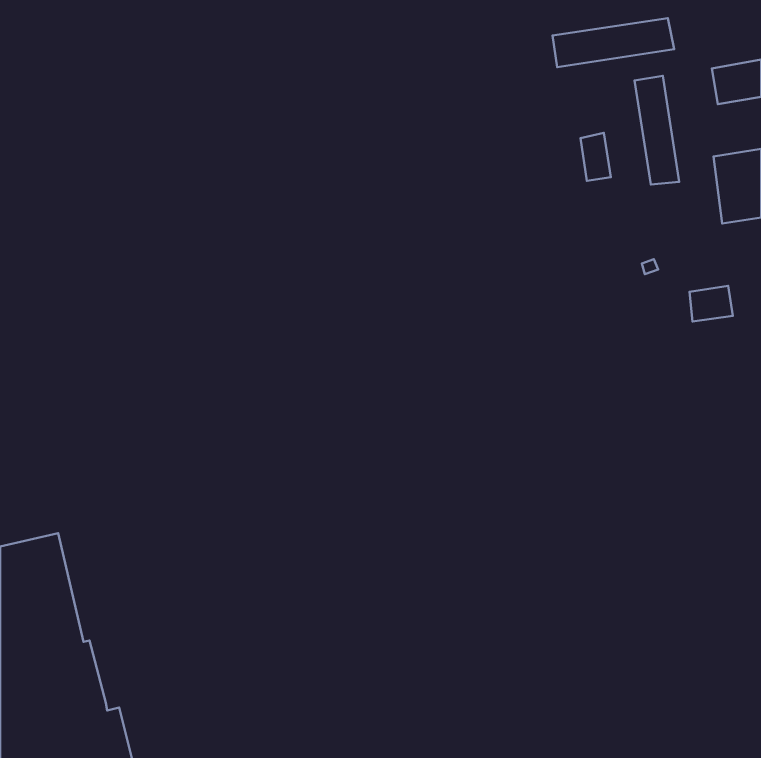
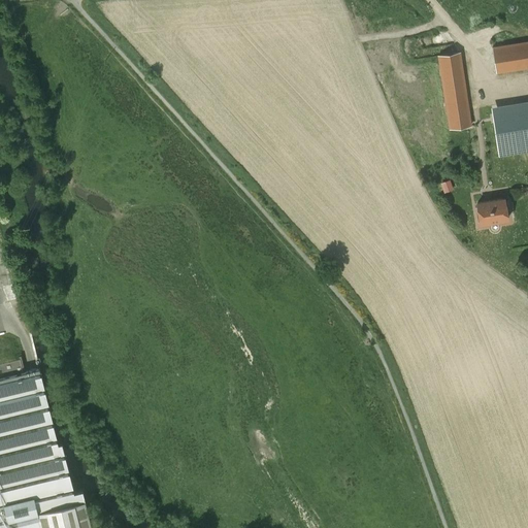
building: [552,18,674,67] -> none
building: [580,133,611,181] -> none

